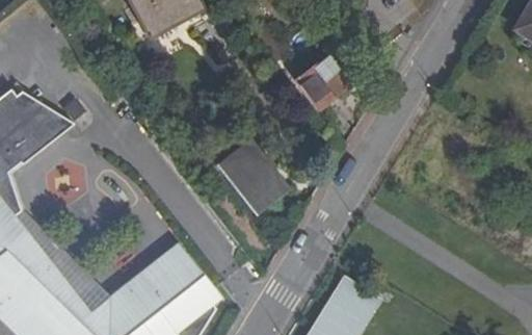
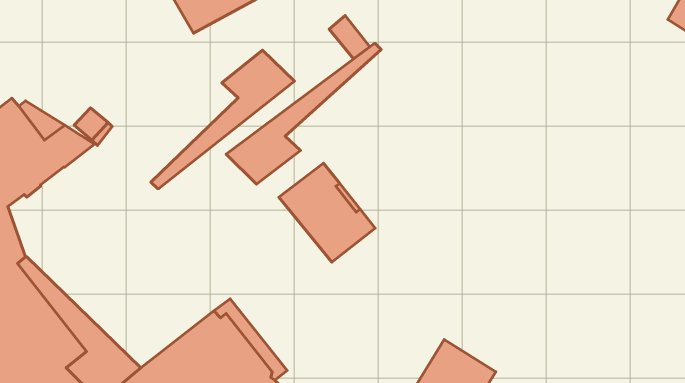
building: none -> [226,44,381,184]
building: none -> [151,50,295,188]
building: [297,54,353,108] -> none

